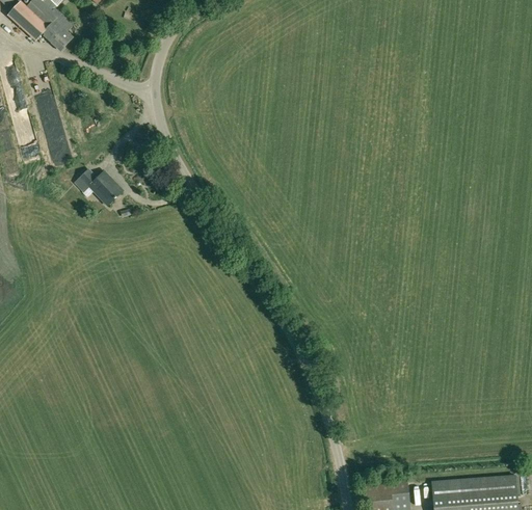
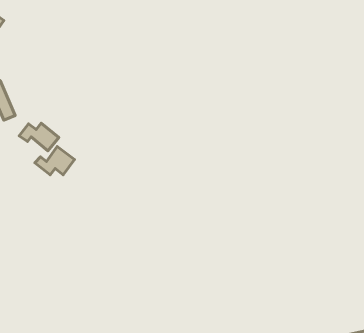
building: none -> [35,147,74,175]

